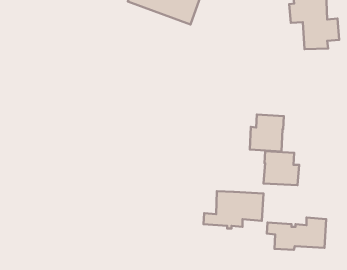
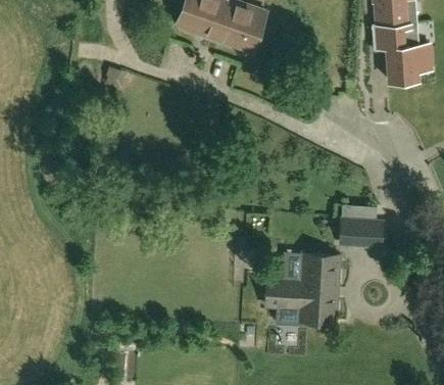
building: [250,114,284,152] -> none
building: [267,217,326,250] -> [266,287,338,326]

